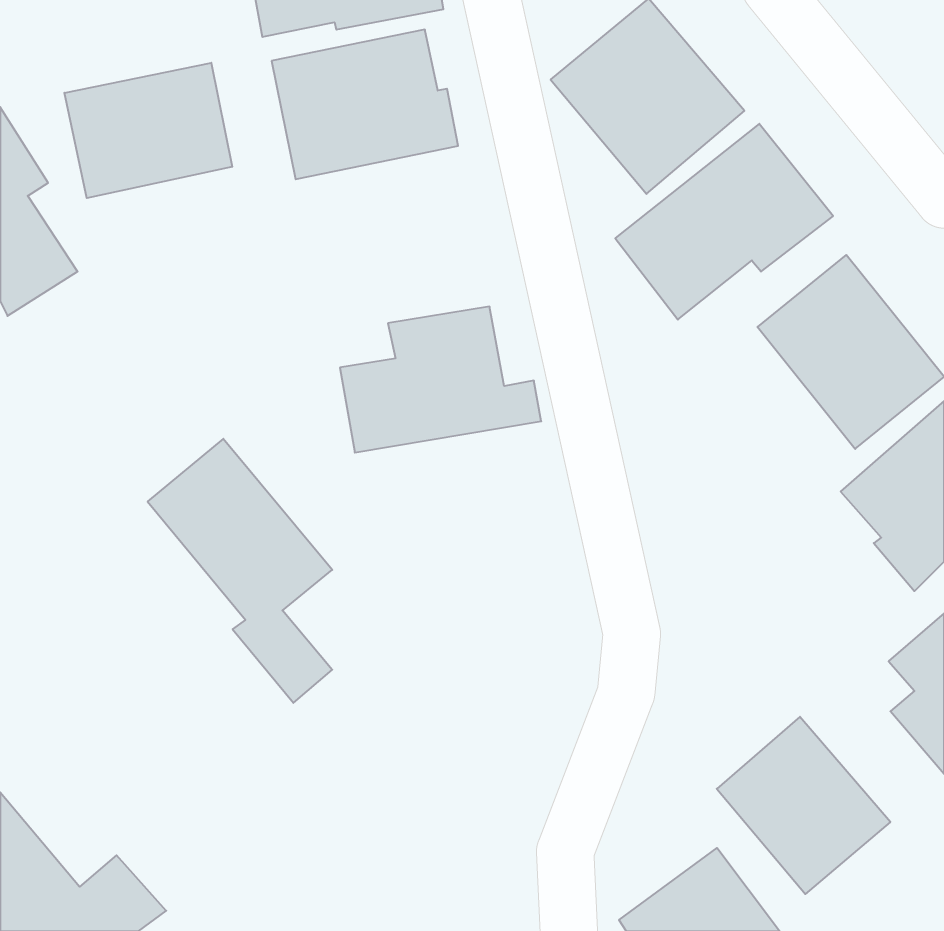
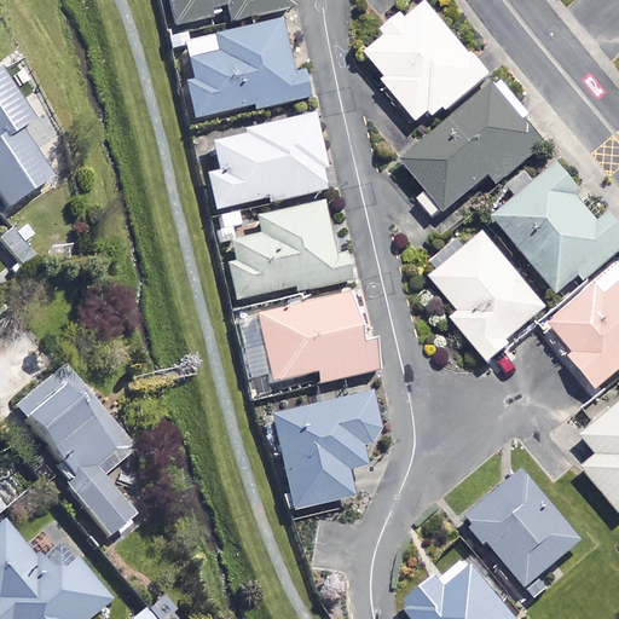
building: [64,63,232,198] -> none
building: none -> [208,115,325,207]
building: none -> [430,231,545,355]
building: [148,439,332,703] -> [11,361,132,534]
building: none -> [254,291,376,381]
building: none -> [268,389,376,508]

